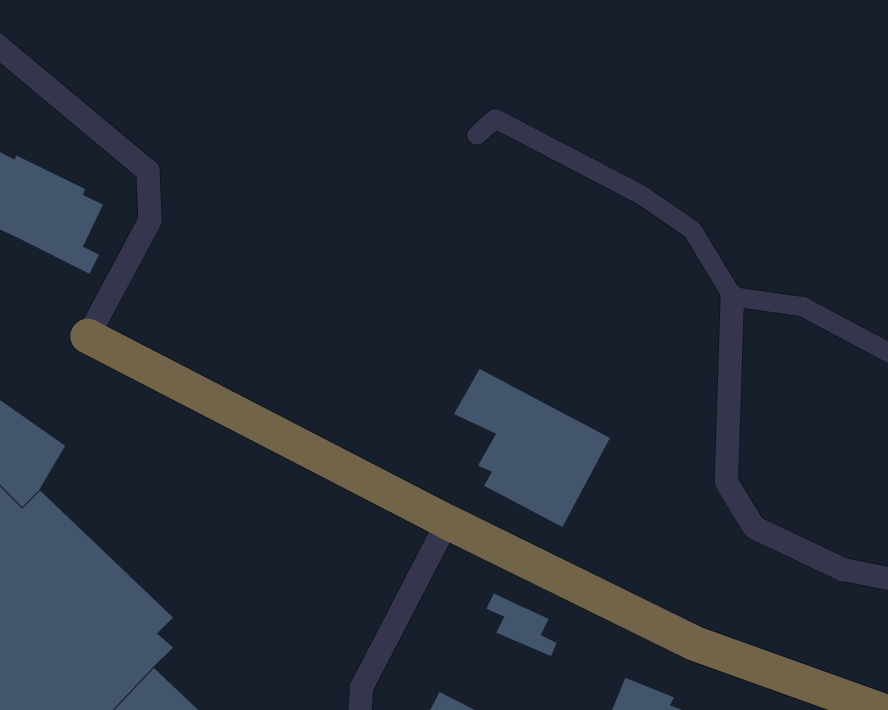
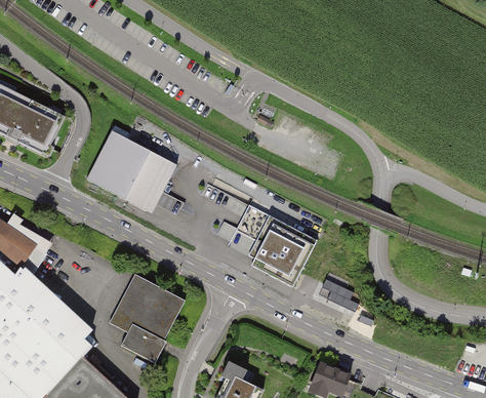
building: none -> [83,129,178,216]
building: none -> [106,277,184,364]
building: [486,593,557,657] -> [321,277,358,310]

